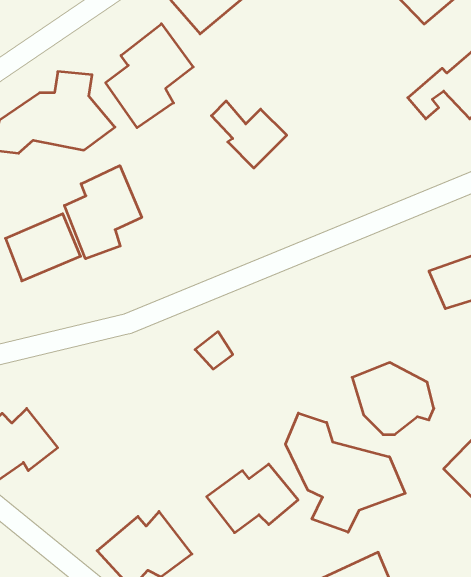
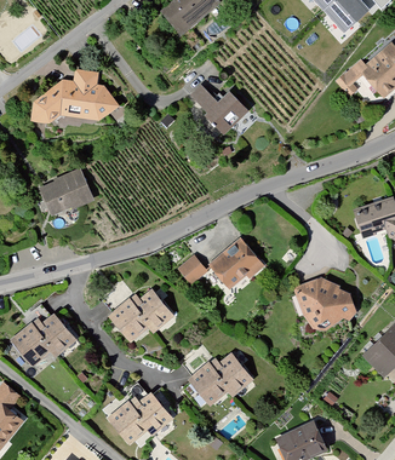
building: [106,24,193,128] -> none
building: [64,166,142,259] -> none
building: none -> [208,237,263,289]
building: none -> [105,288,174,341]
building: [286,413,405,532] -> none

